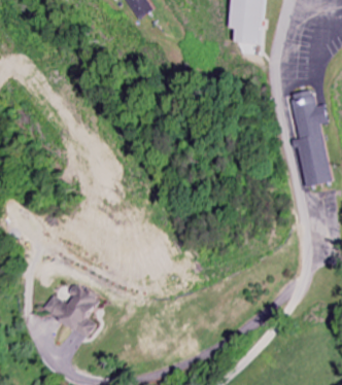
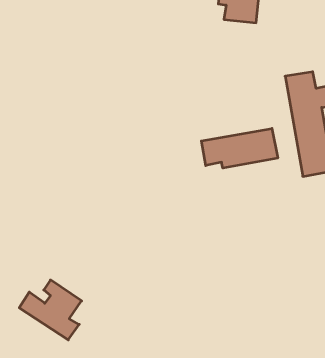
building: none -> [201,128,278,168]

